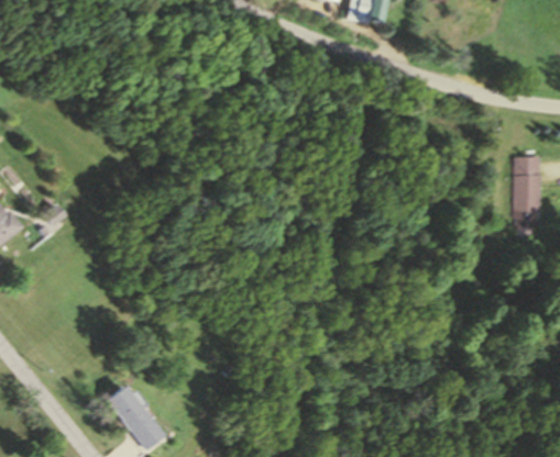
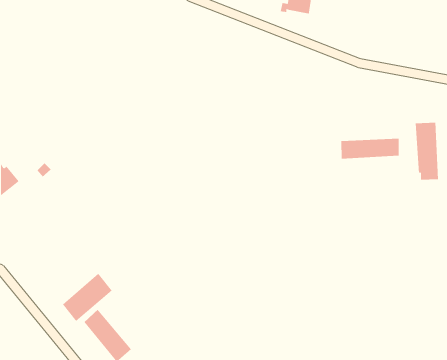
building: none -> [341,138,399,160]
building: none -> [62,273,113,322]

